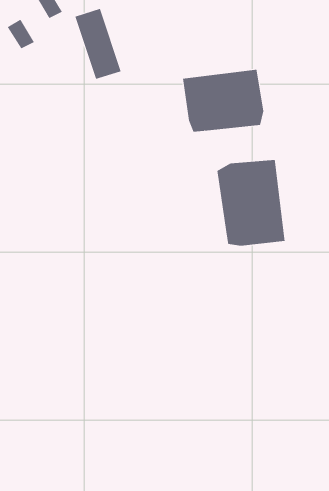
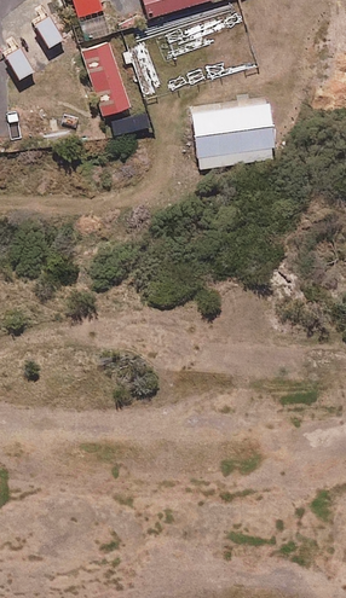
building: [217,159,285,246] -> none

